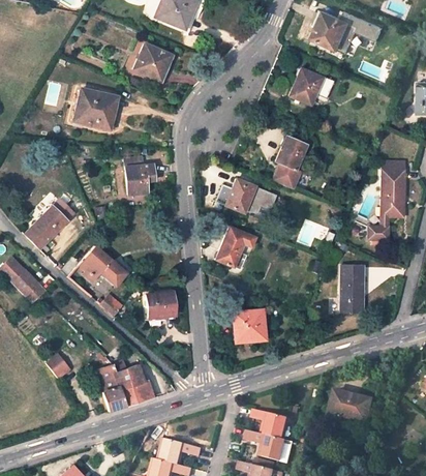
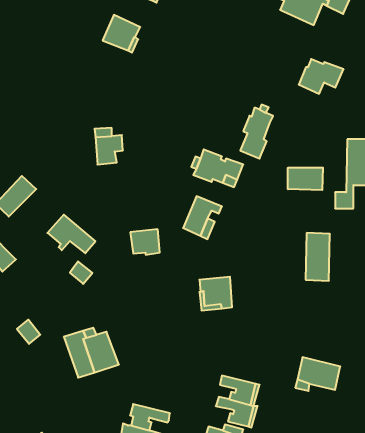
building: [288,69,334,105] -> [299,59,344,94]
building: [72,88,116,127] -> none
building: none -> [288,168,323,190]
building: [144,291,174,317] -> [130,229,160,255]

